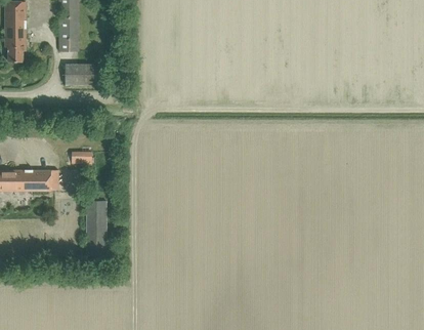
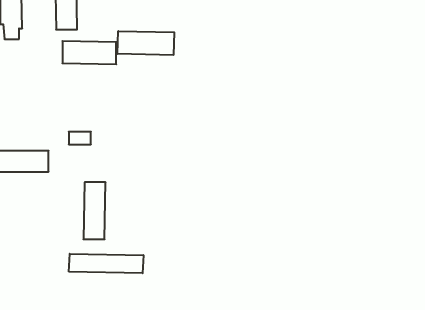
building: none -> [117,31,174,55]
building: none -> [69,254,143,273]

